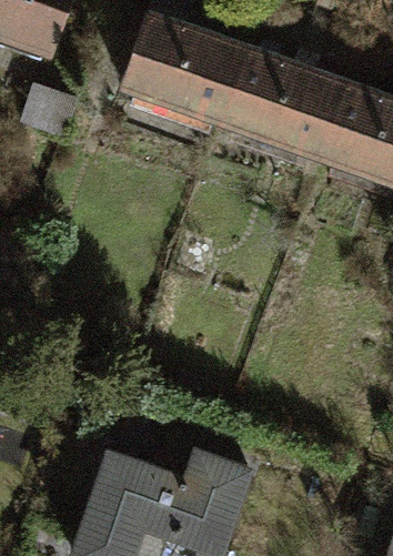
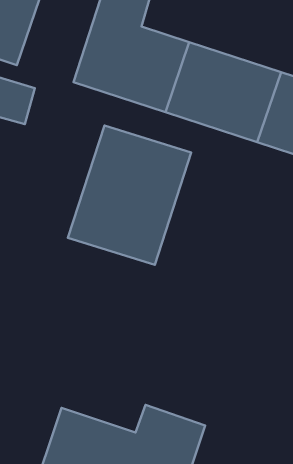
building: none -> [68,125,191,265]

